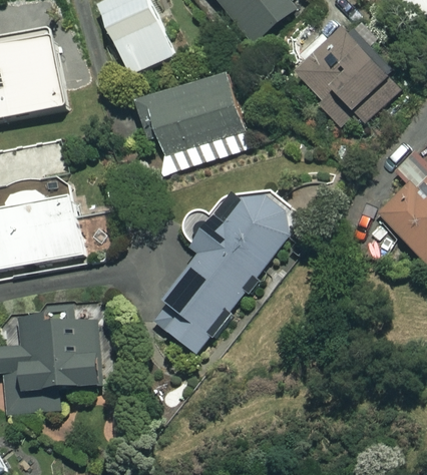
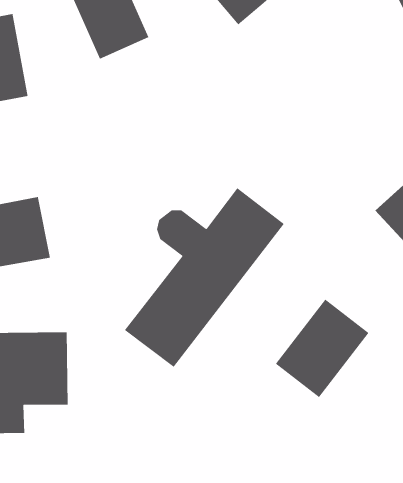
building: [297,25,397,133] -> none
building: [135,71,250,169] -> none
building: none -> [275,299,369,398]

